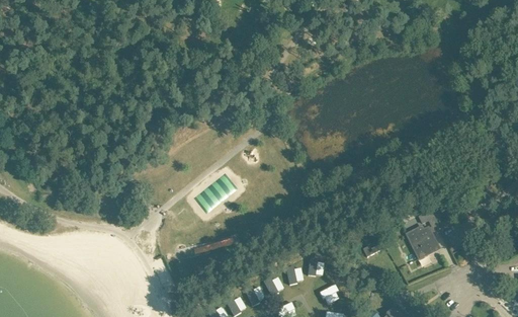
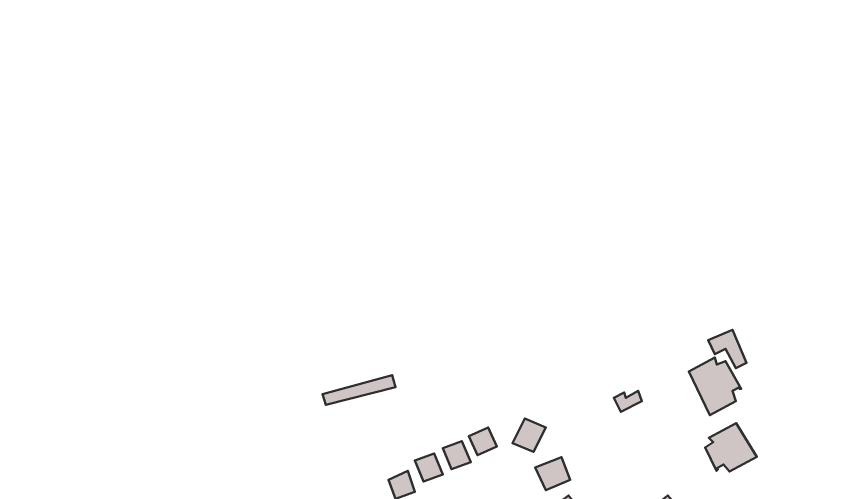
building: none -> [705,423,757,472]

